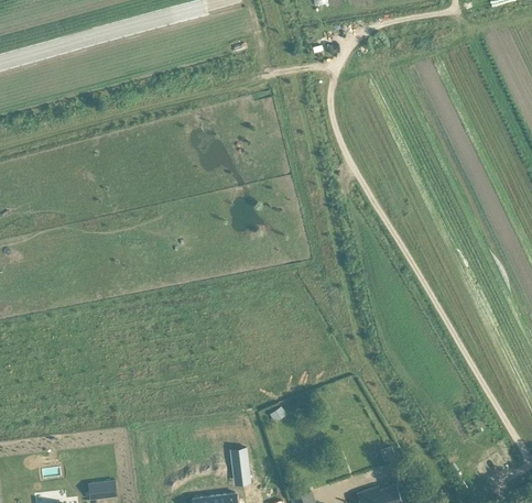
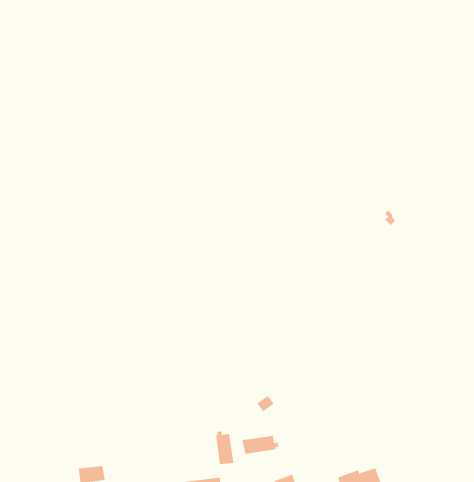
building: none -> [242,435,279,454]

